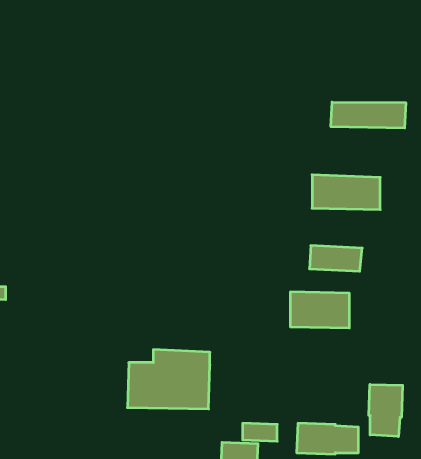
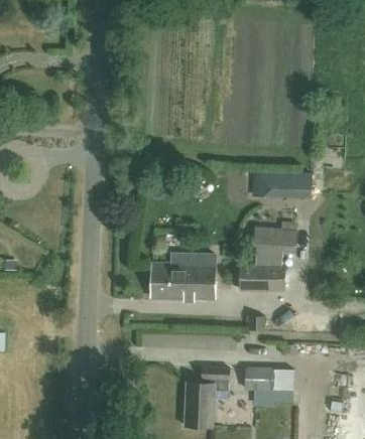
building: [331,102,406,128] -> none
building: [127,350,210,409] -> [150,254,215,300]
building: [369,384,403,437] -> none

